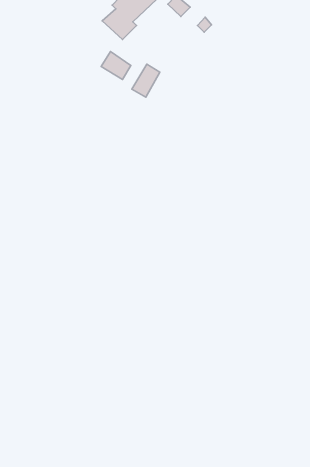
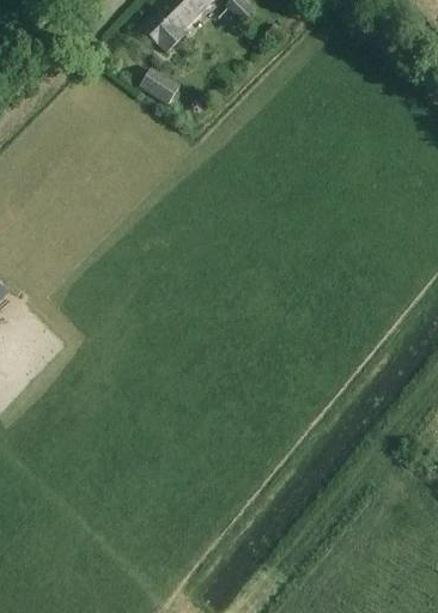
building: [132,64,160,97] -> none

